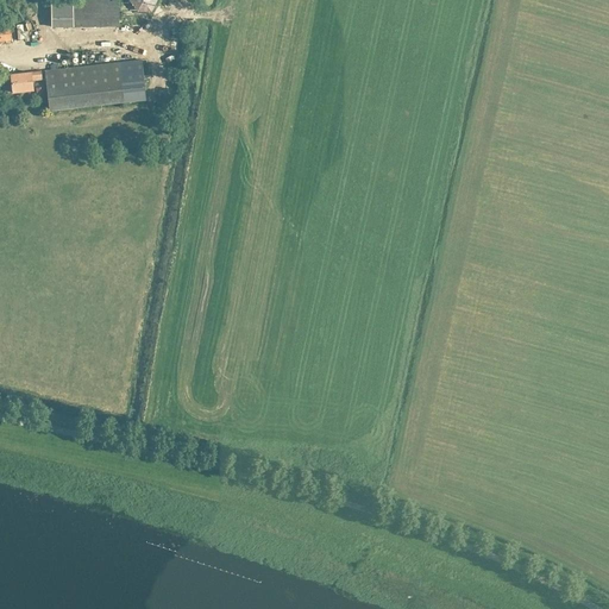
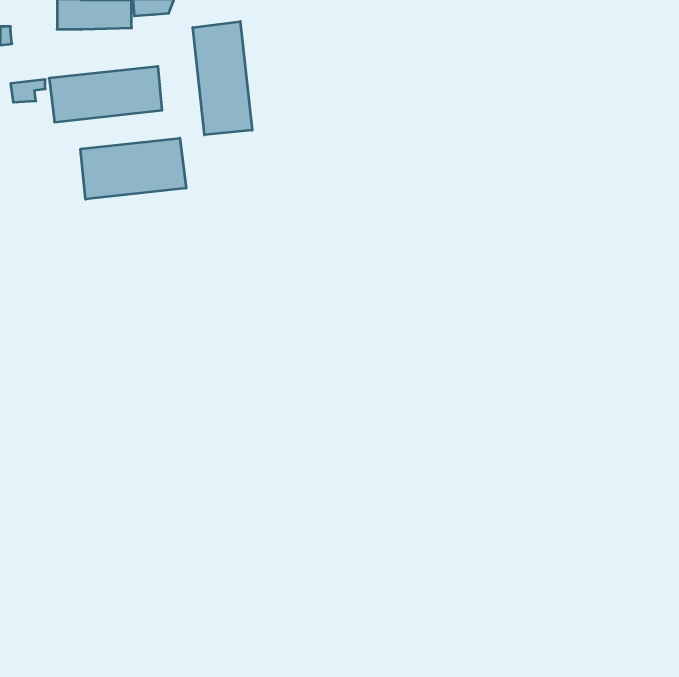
building: none -> [193,21,252,135]
building: none -> [81,138,186,199]

